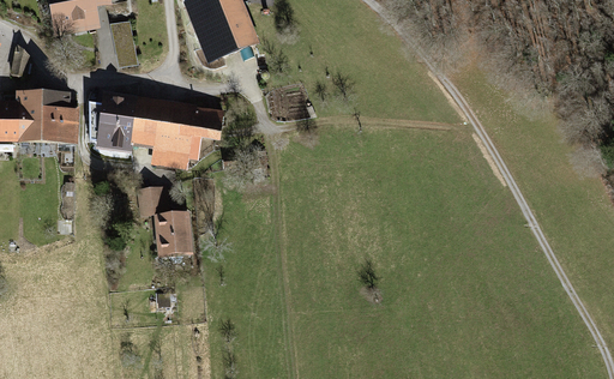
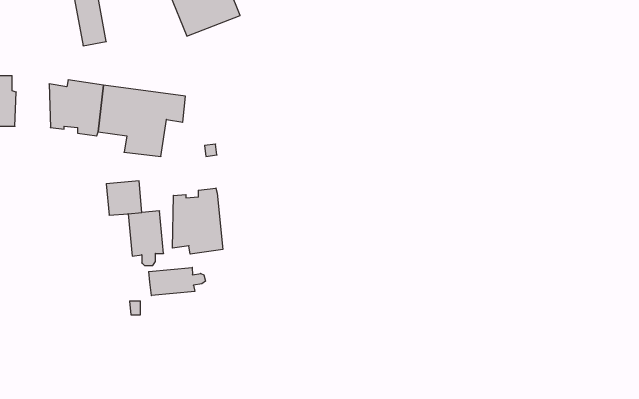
building: [56,95,77,140] -> none
building: none -> [173,188,223,254]
building: none -> [149,267,205,296]

